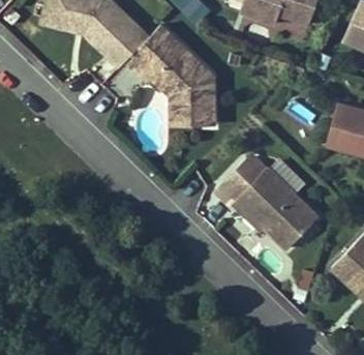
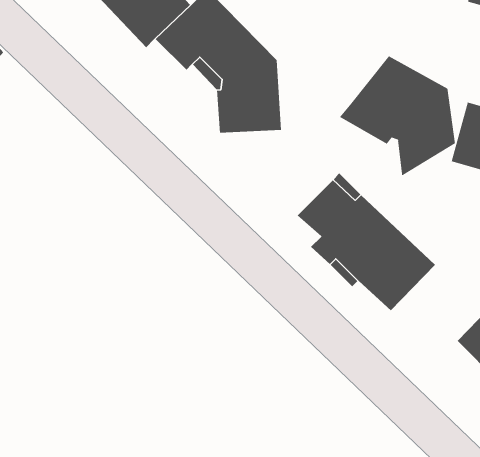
building: none -> [339,55,456,176]

